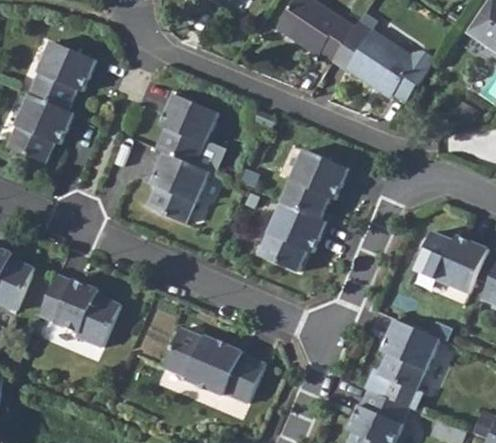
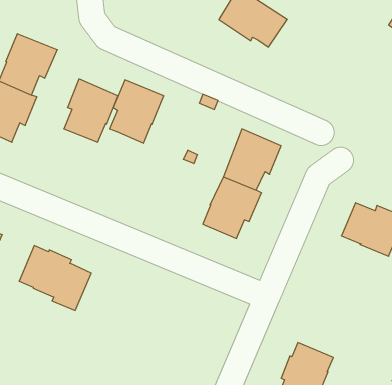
building: [333,19,437,100] -> none
building: [145,152,206,223] -> [64,79,118,142]
building: [366,319,437,408] -> none
building: [164,328,264,403] -> none

